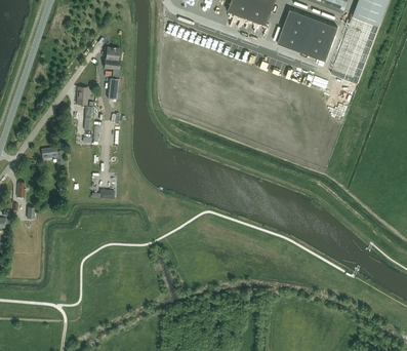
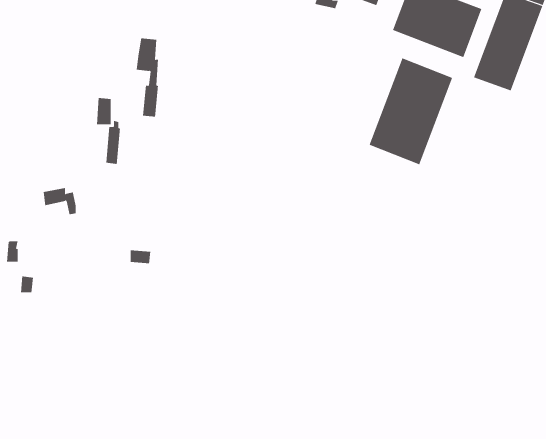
building: none -> [369,58,453,165]

